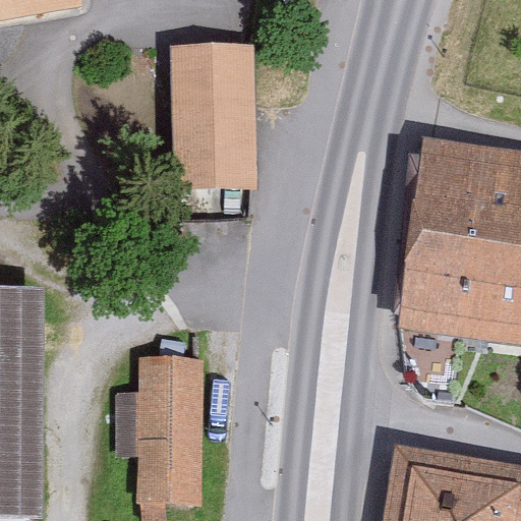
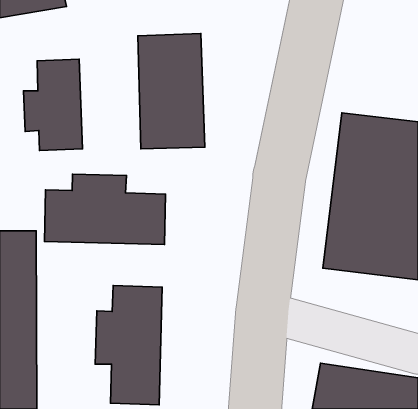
building: none -> [24,59,82,151]
building: none -> [44,174,166,245]

